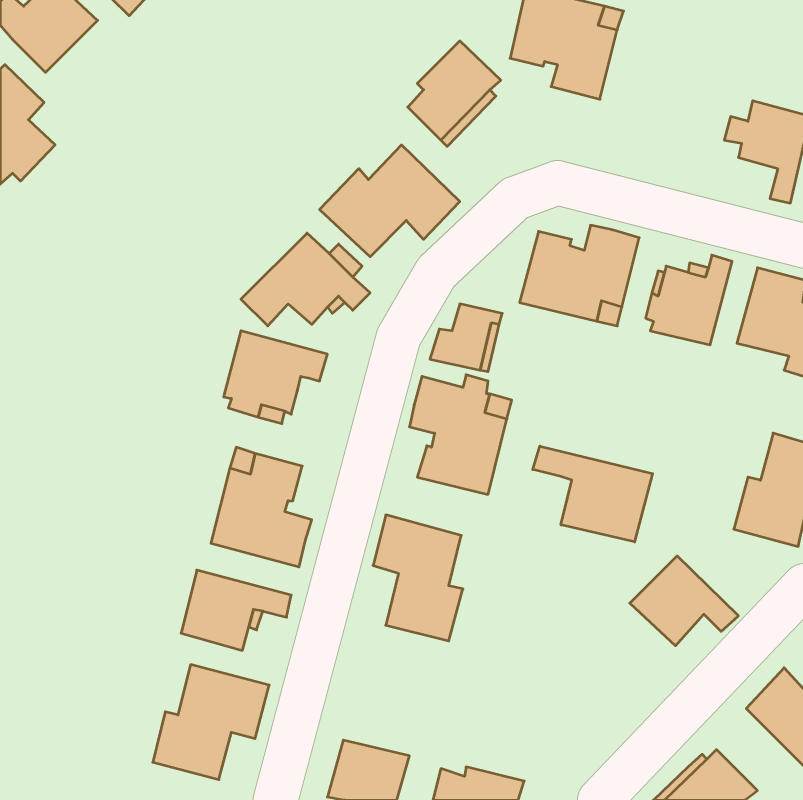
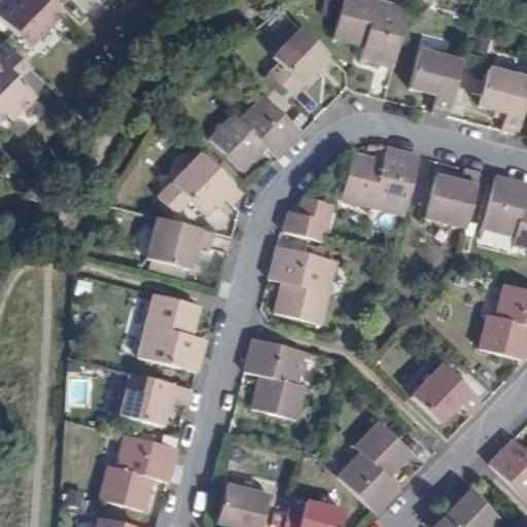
building: none -> [412,48,462,114]
building: [533,446,653,542] -> none
building: none -> [338,421,412,513]

